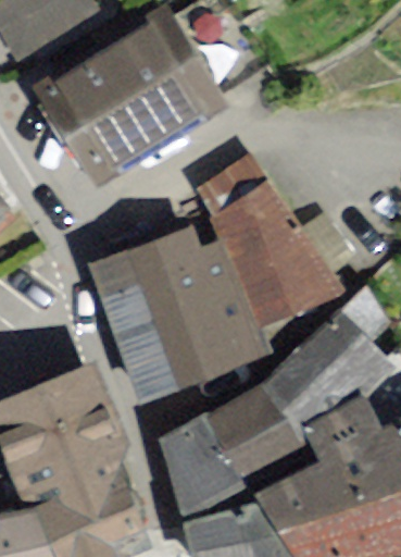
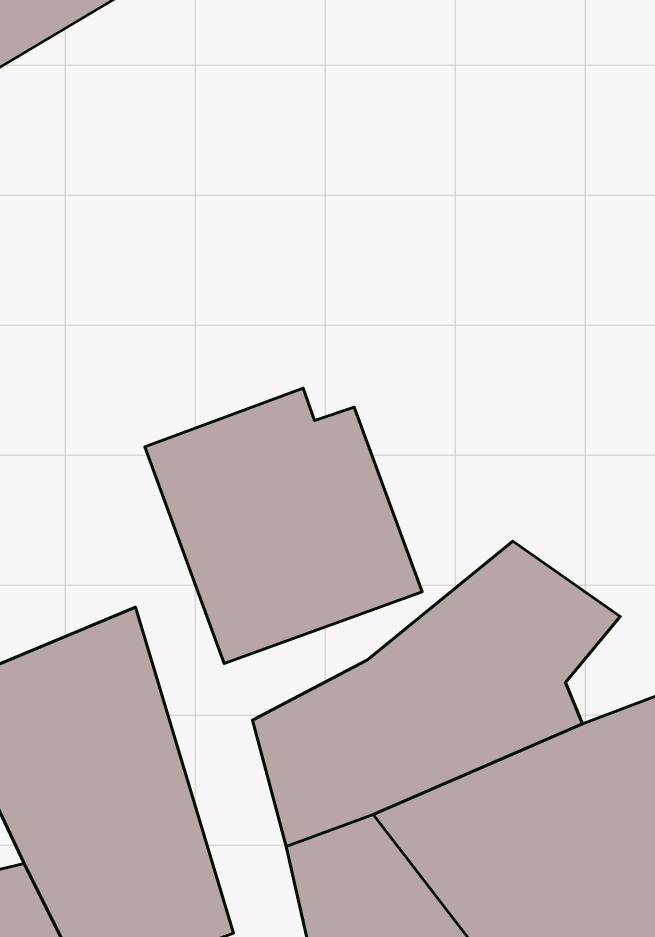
building: [45,18,218,178] -> none
building: [203,160,333,321] -> none

